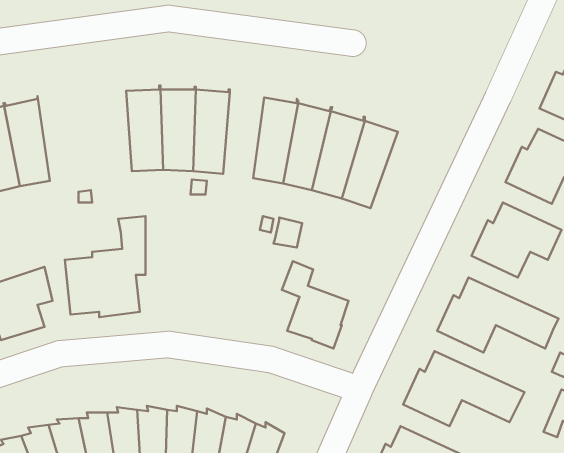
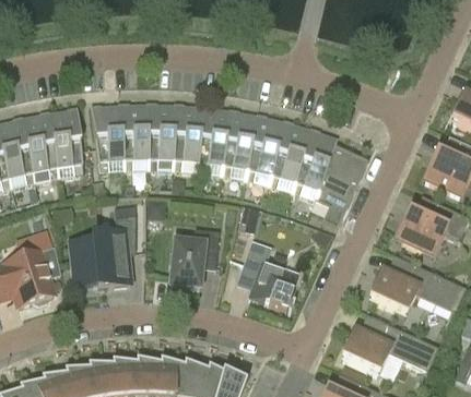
building: none -> [91,103,123,172]
building: none -> [48,107,83,178]
building: none -> [197,107,229,176]
building: none -> [315,139,367,227]
building: none -> [169,229,219,288]

